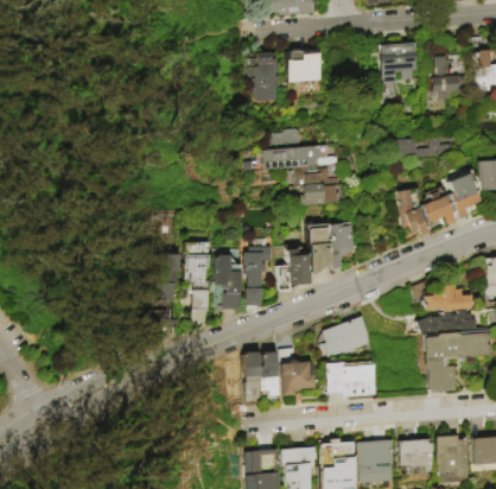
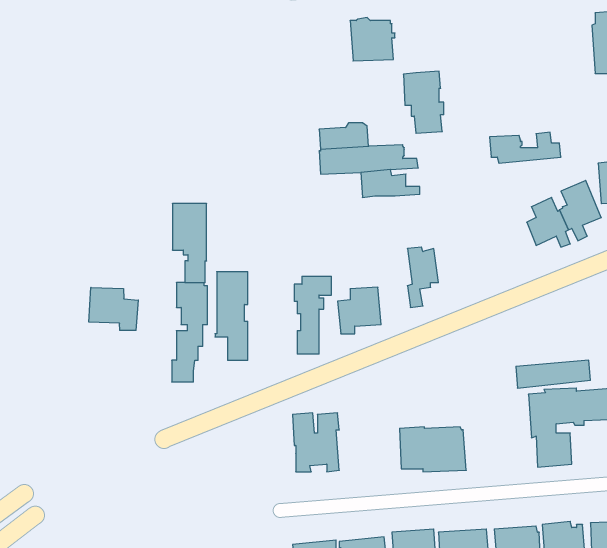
building: [379,42,418,78] -> none
building: [248,53,279,101] -> [403,71,444,133]
building: [428,55,466,94] -> none
building: [304,184,346,205] -> none
building: [398,189,431,235] -> none
building: [307,224,331,274] -> none
building: [215,249,241,310] -> [172,204,207,283]
building: none -> [89,287,138,330]
building: [424,285,472,312] -> none
building: [320,316,370,360] -> none
building: [280,348,316,396] -> none

